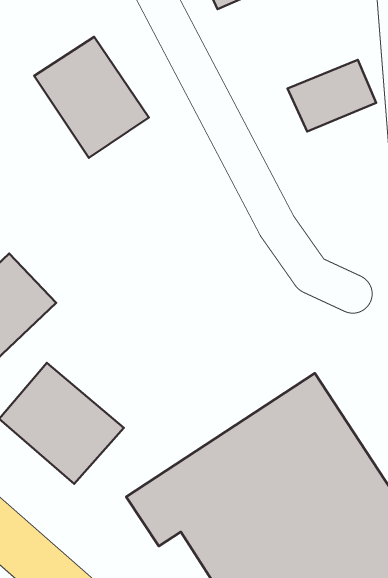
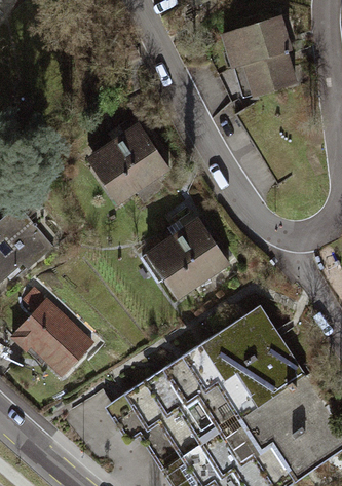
building: none -> [225,15,293,68]
building: [34,37,149,158] -> [77,113,167,209]
building: none -> [137,220,226,308]

